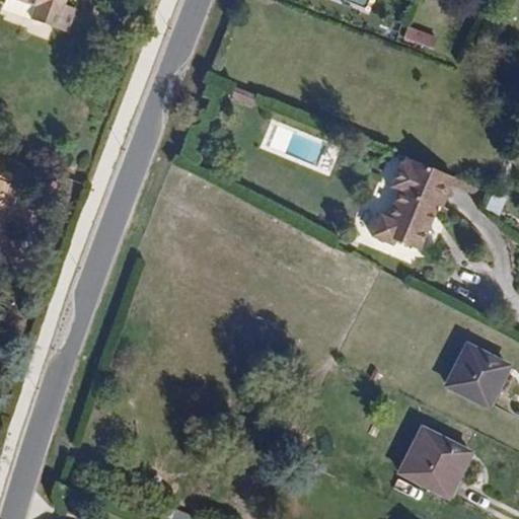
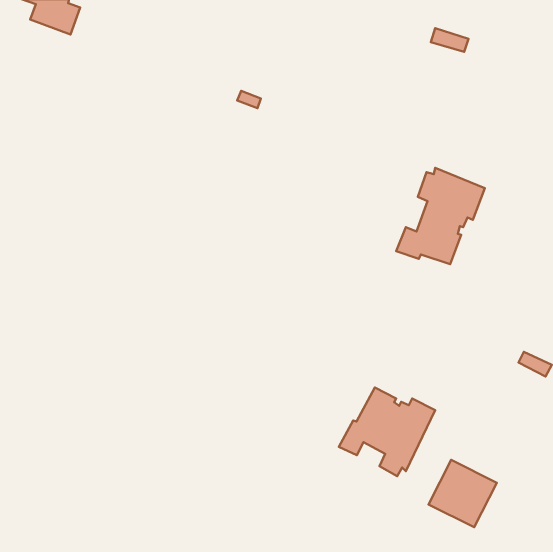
building: [447,346,506,404] -> none
building: none -> [339,387,435,476]

